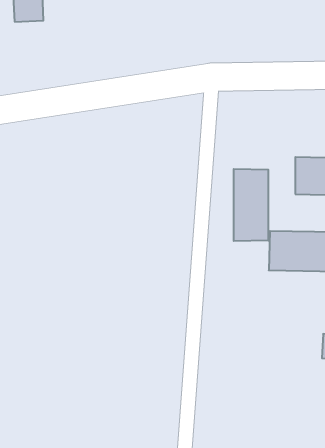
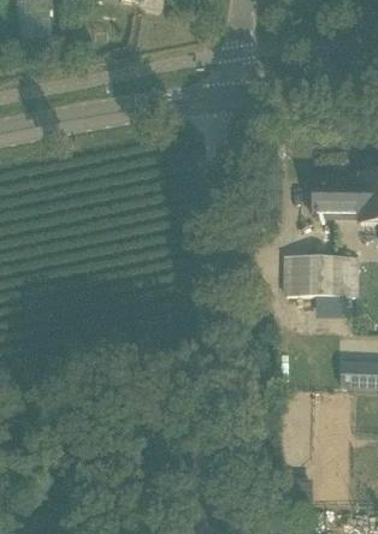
building: [234,169,268,241] -> none

